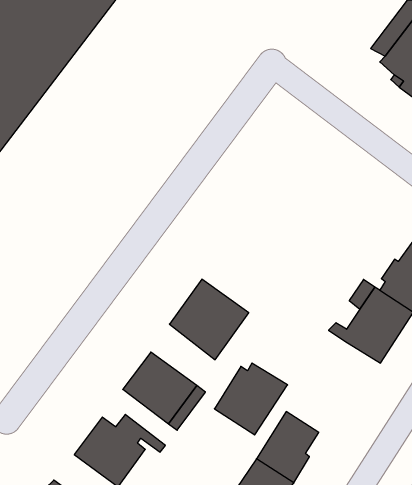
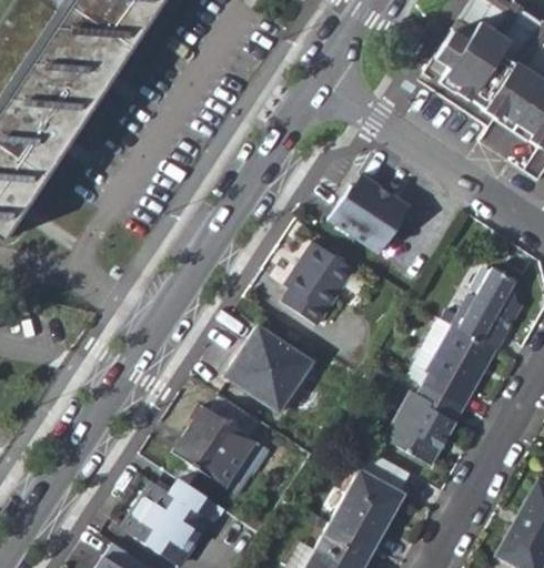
building: none -> [328,174,409,253]
building: none -> [284,242,356,324]
building: [214,363,288,435] -> [384,385,464,465]

